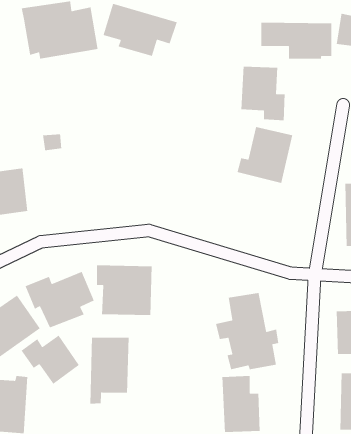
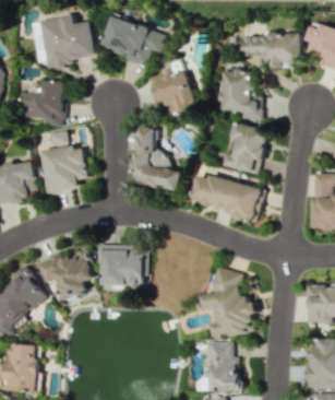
building: none -> [148,59,194,116]
building: none -> [20,81,63,125]
building: none -> [131,126,180,186]
building: none -> [40,144,87,191]
building: none -> [191,172,263,221]
building: [20,335,80,385] -> none
building: [89,337,129,404] -> none

